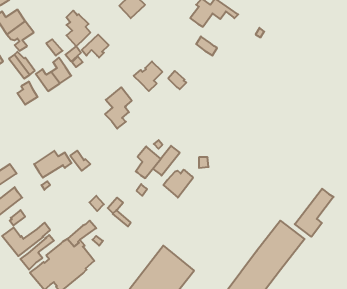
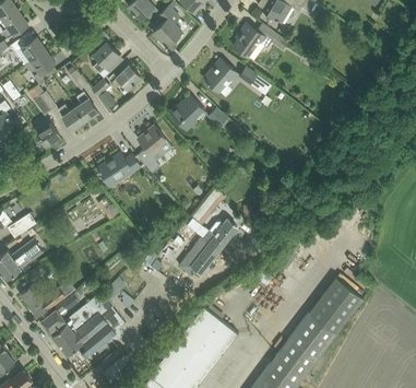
building: none -> [205,59,238,92]
building: [136,146,161,178] -> [191,237,219,273]
building: [34,151,72,178] -> [97,153,140,184]
building: [295,189,334,237] -> none

